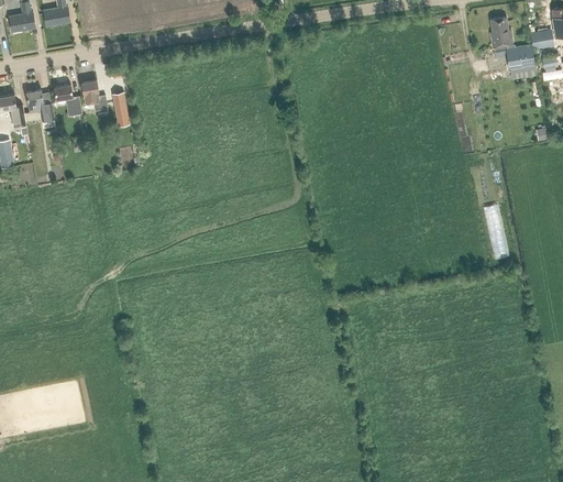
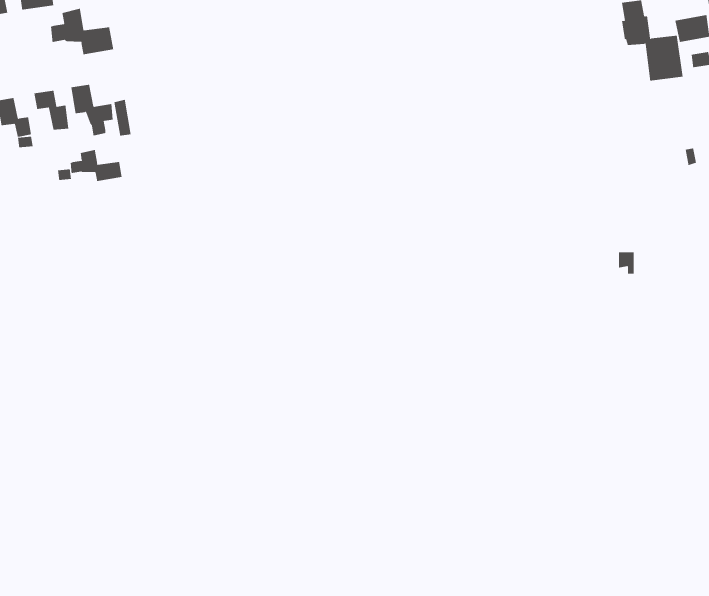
building: none -> [50,8,114,55]
building: none -> [70,149,122,182]

